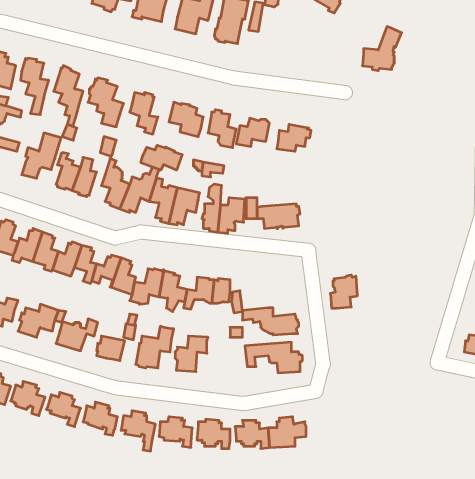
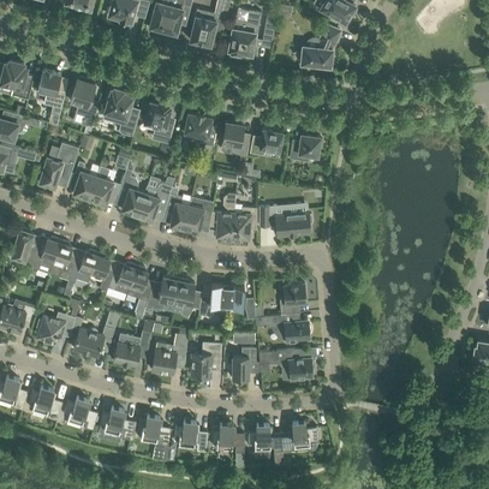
building: [362,27,402,71] -> [302,24,340,67]
building: [141,145,182,170] -> none
building: [330,275,357,308] -> [280,281,306,314]
building: none -> [233,346,256,378]

